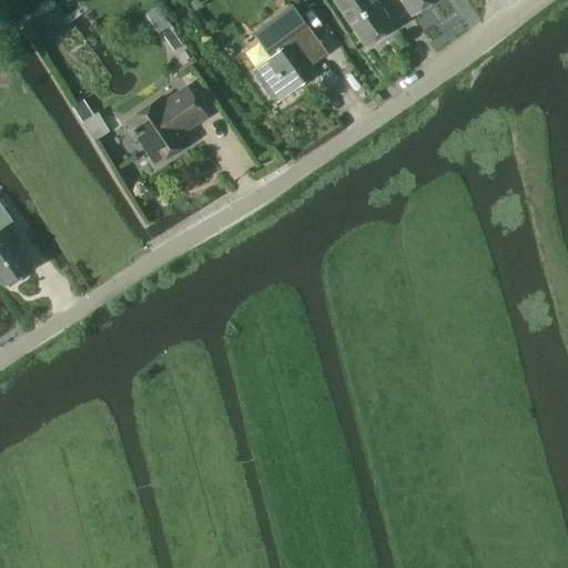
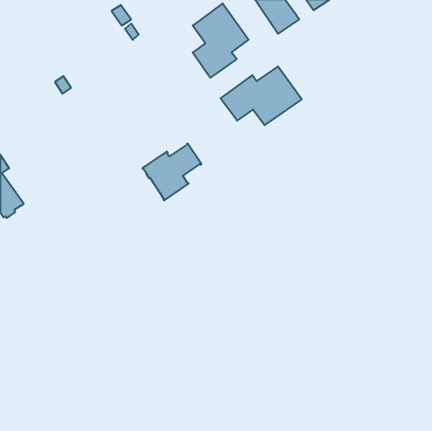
building: none -> [220,66,302,125]
building: [128,89,205,163] -> [142,144,201,200]

